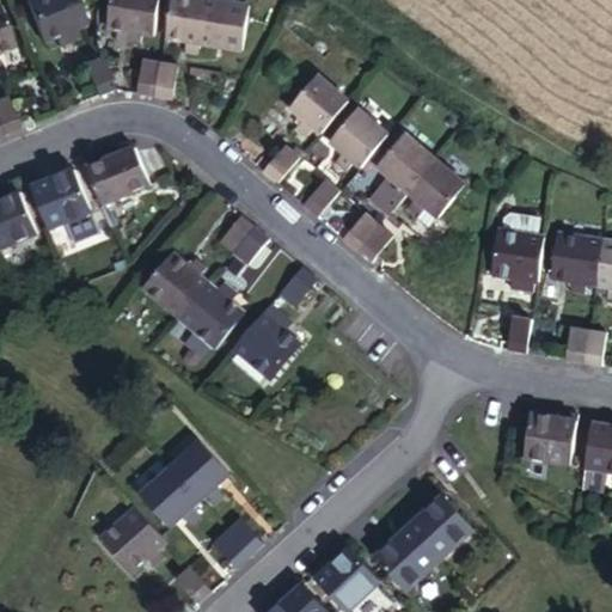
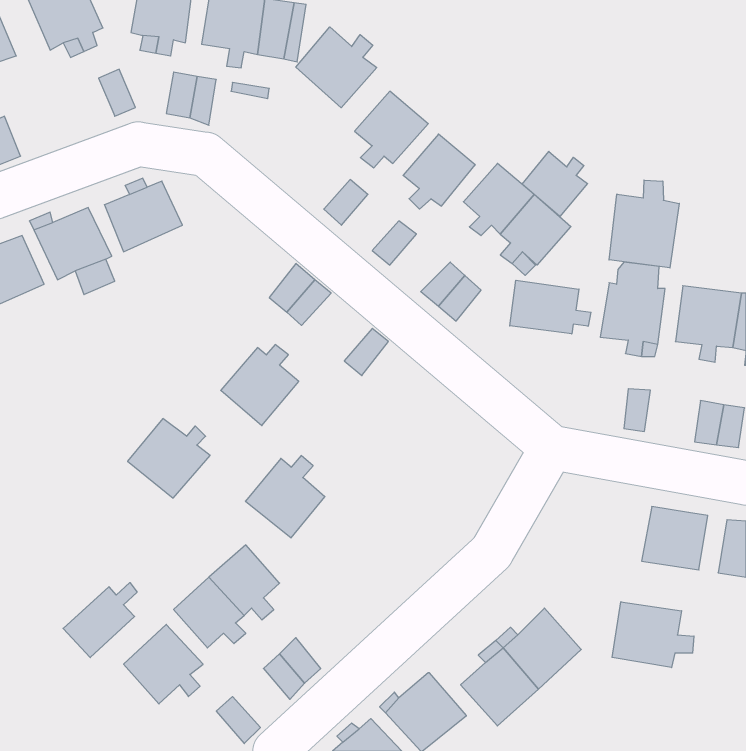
building: none -> [296,27,377,108]
building: none -> [522,151,588,216]
building: none -> [609,180,679,268]
building: none -> [510,280,591,334]
building: [142,252,209,317] -> [128,419,210,498]
building: [234,310,299,377] -> [245,456,325,538]
building: none -> [63,583,137,658]
building: none -> [612,602,694,668]

